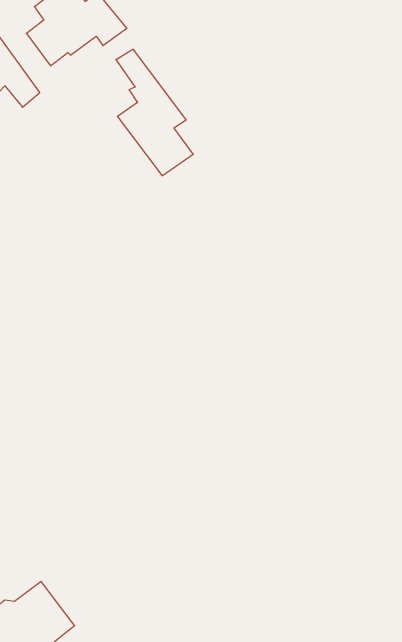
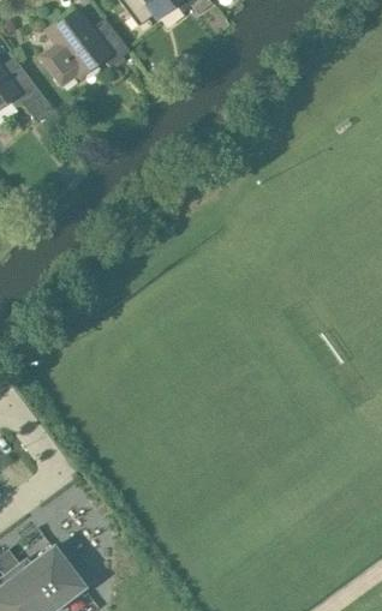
building: [116,49,193,176] -> none

